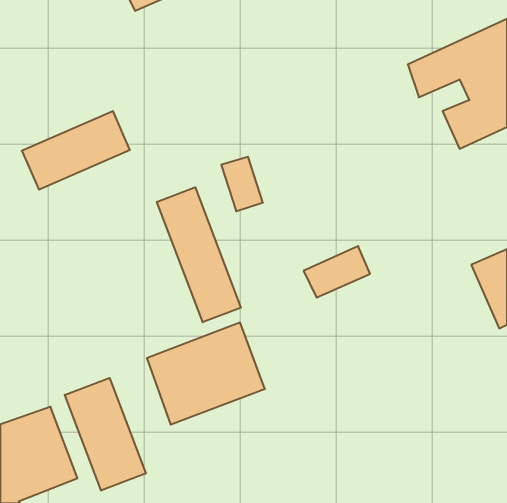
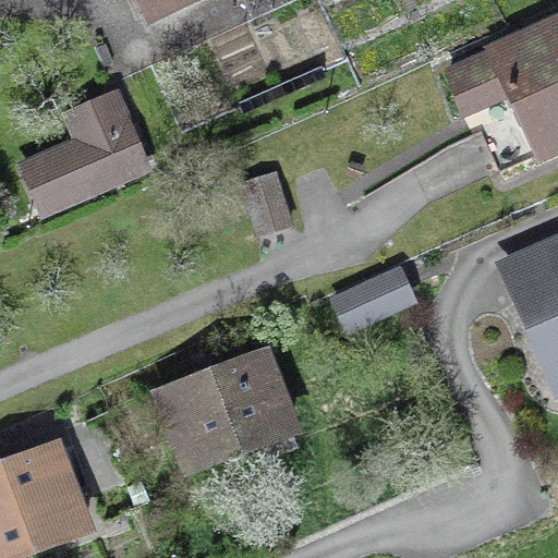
building: [157,187,241,322] -> none
building: [65,378,146,491] -> none

